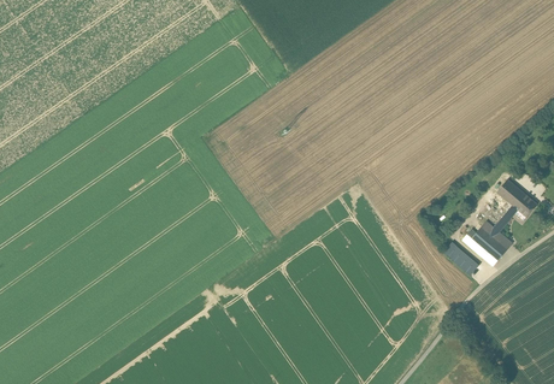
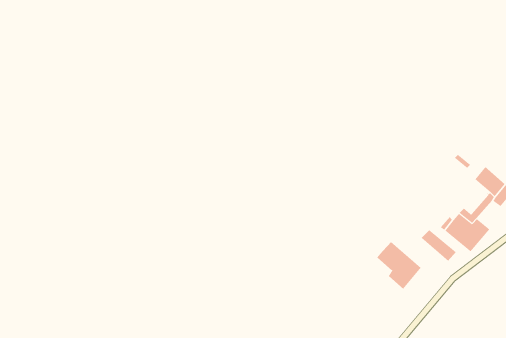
building: none -> [376,241,421,289]

